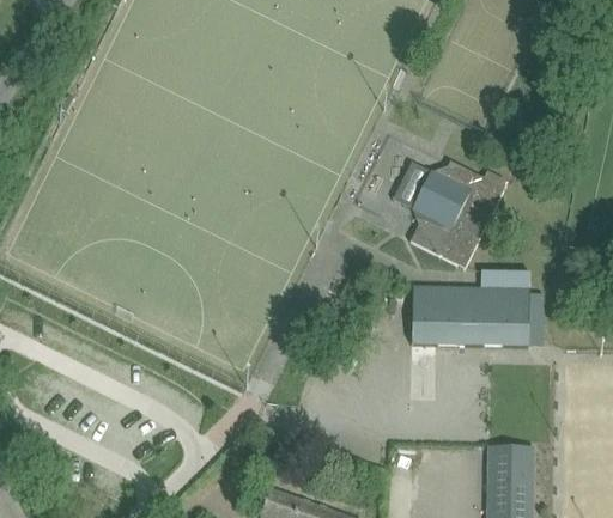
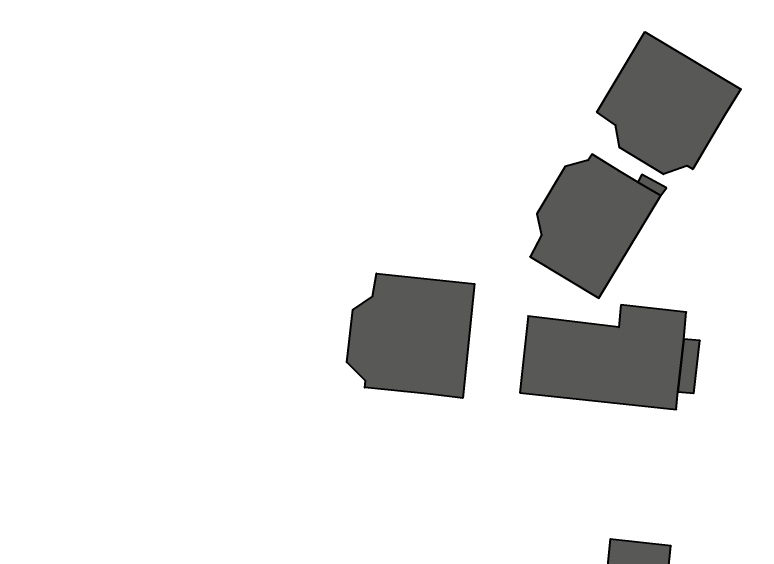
building: none -> [597,32,741,174]
building: none -> [347,273,475,398]

